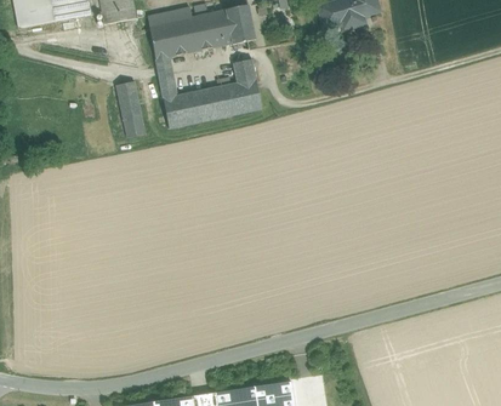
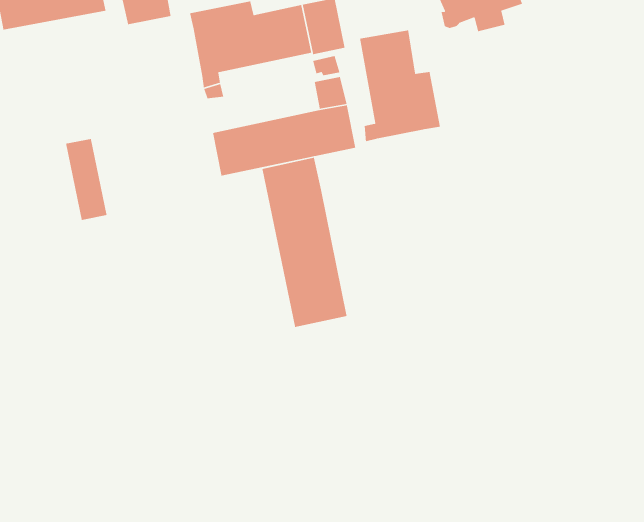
building: none -> [359,30,441,142]
building: [115,80,144,137] -> [65,138,107,221]
building: none -> [262,157,348,328]

